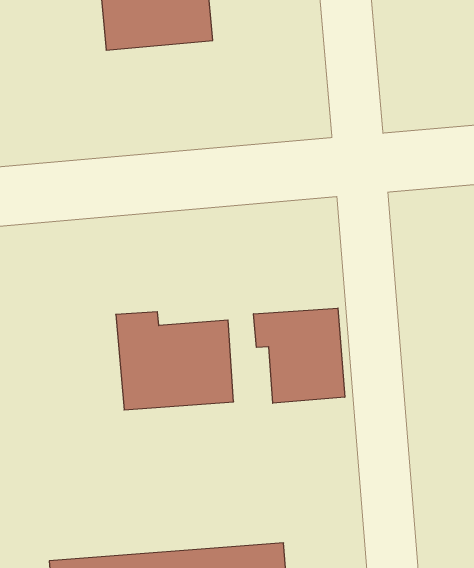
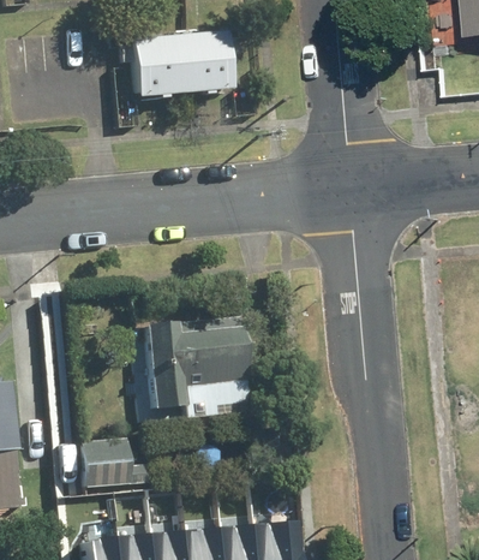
building: [254,308,345,403] -> none
building: none -> [74,439,126,489]

